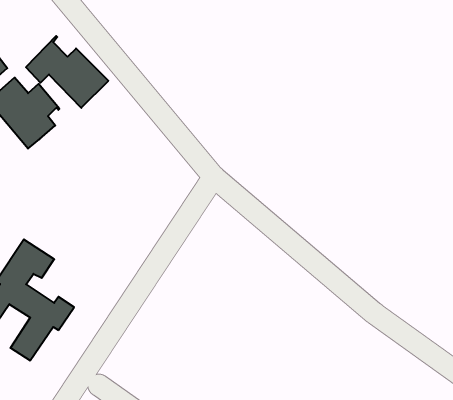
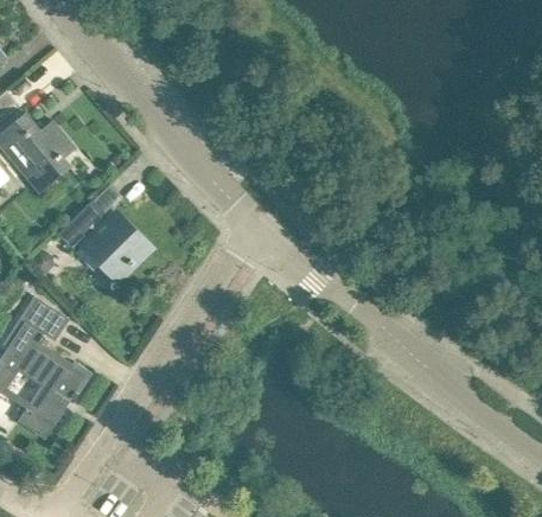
building: [26,36,108,108] -> [57,199,151,281]

